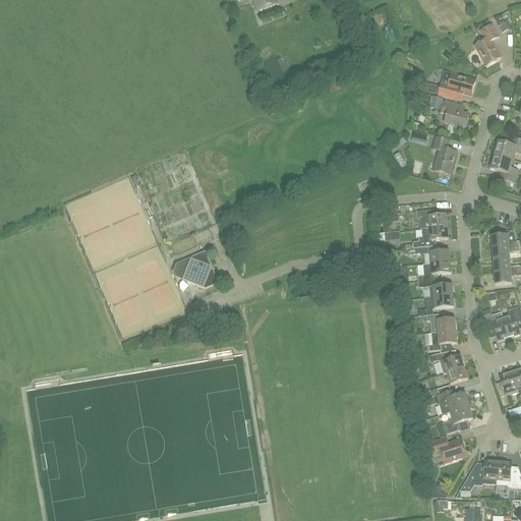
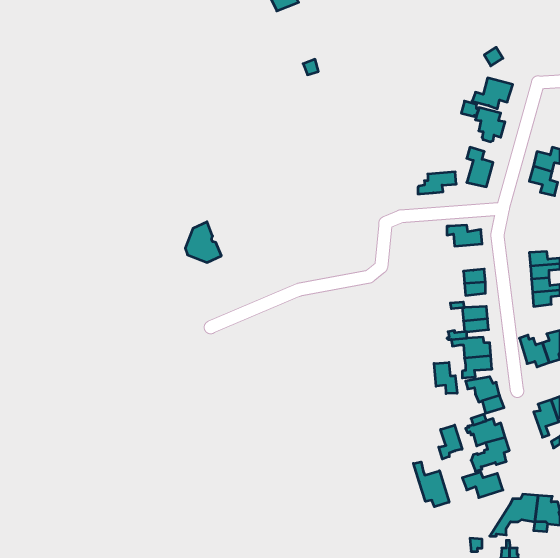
building: [474,23,501,64] -> none
building: [412,226,448,246] -> [418,172,456,194]
building: [183,249,217,287] -> [185,222,221,262]
building: none -> [434,362,457,394]
building: none -> [439,425,462,459]
building: none -> [413,462,449,507]

